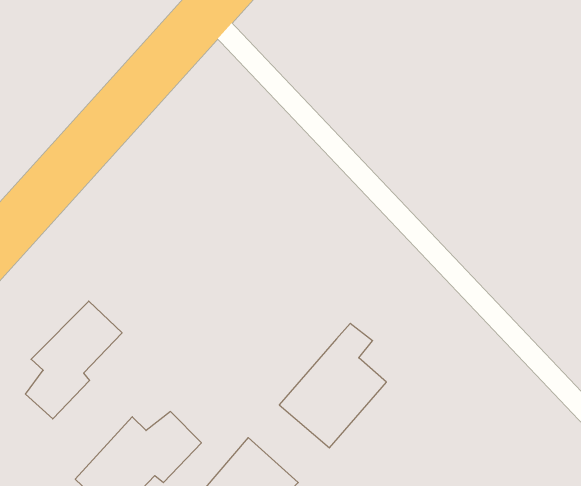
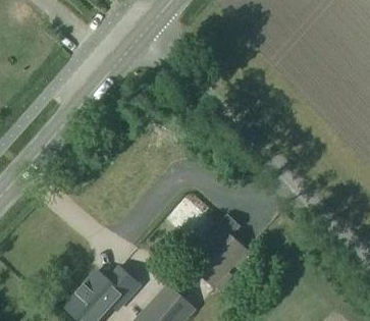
building: [25,301,122,419] -> none

